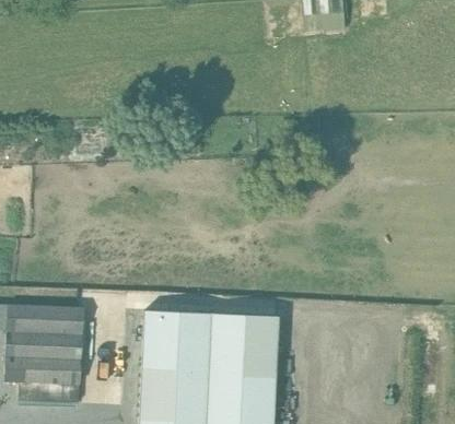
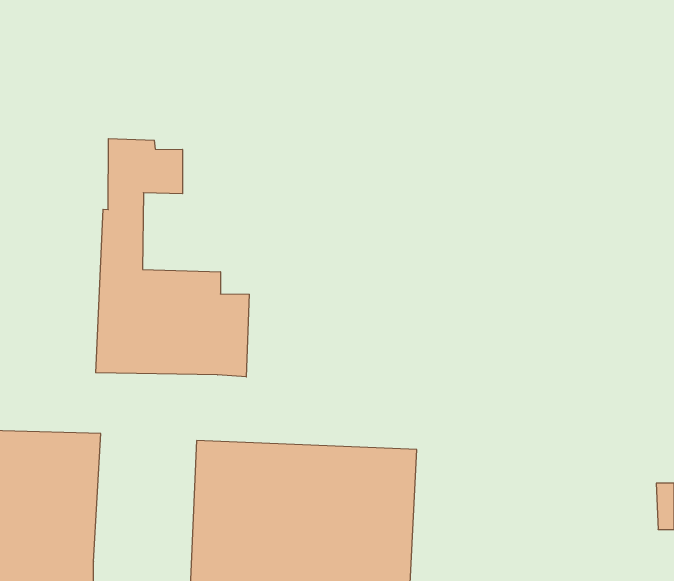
building: none -> [96,139,249,377]

